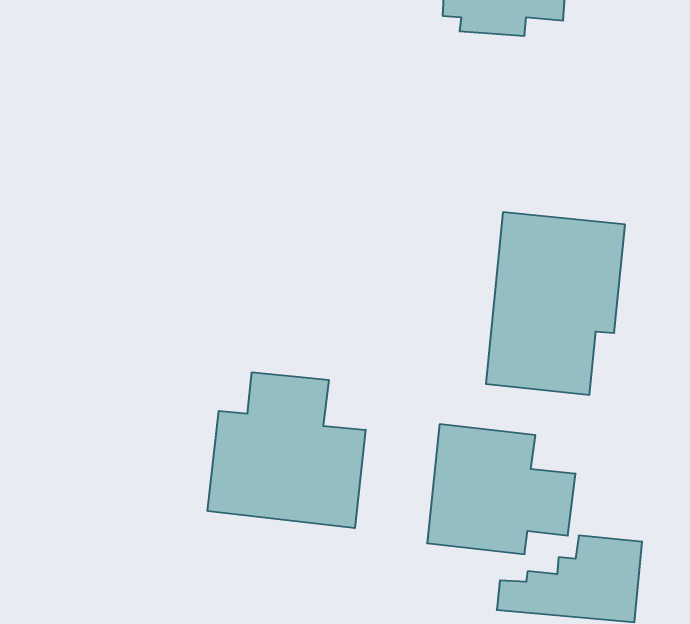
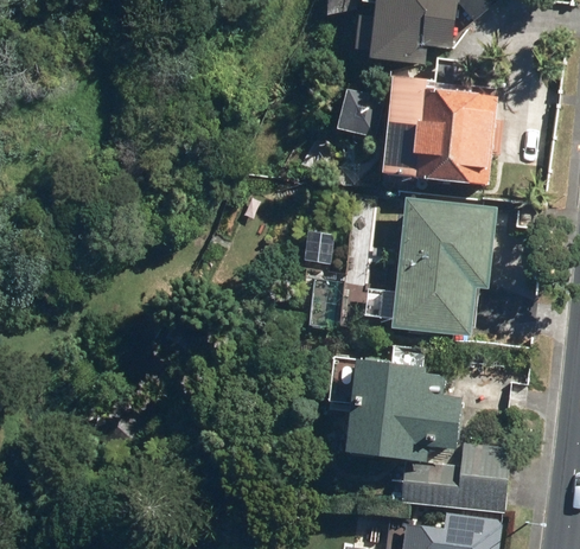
building: none -> [340,76,497,189]
building: [208,372,366,528] -> none

